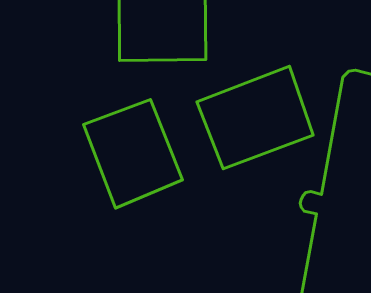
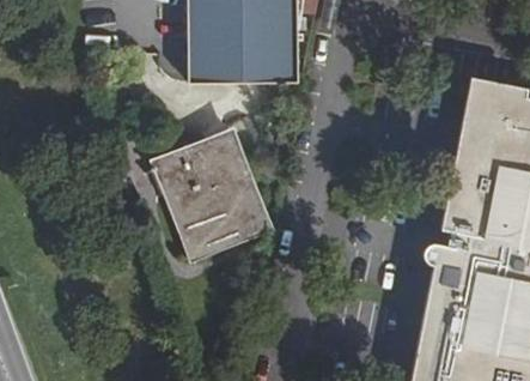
building: [197,66,313,169] -> none

